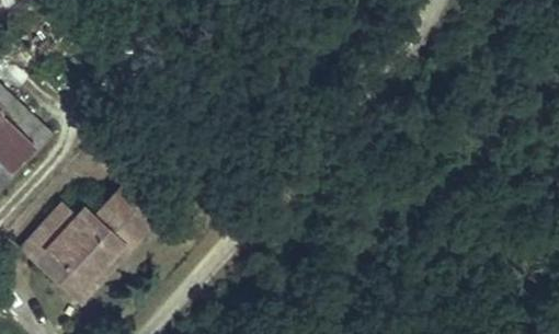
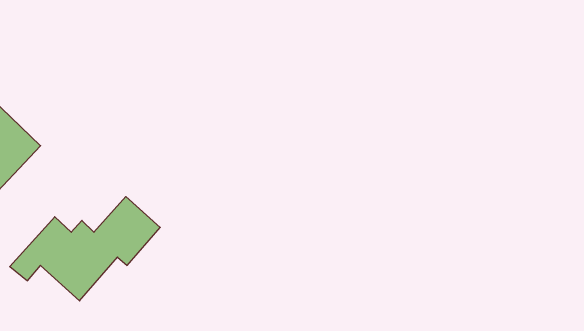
building: [33,240,125,301] -> none

